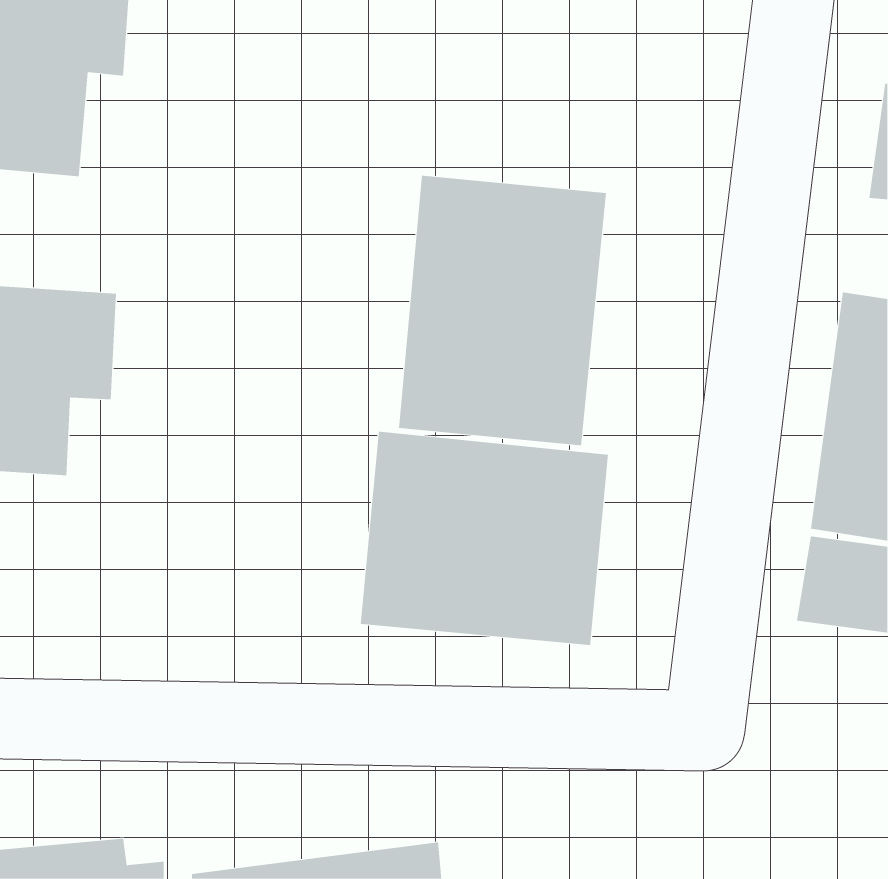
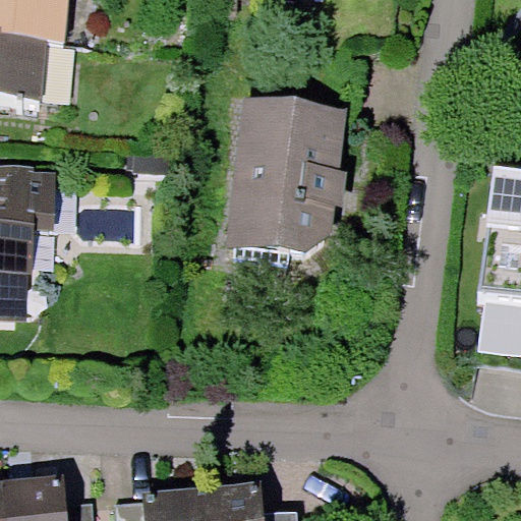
building: [360,431,609,646] -> none

